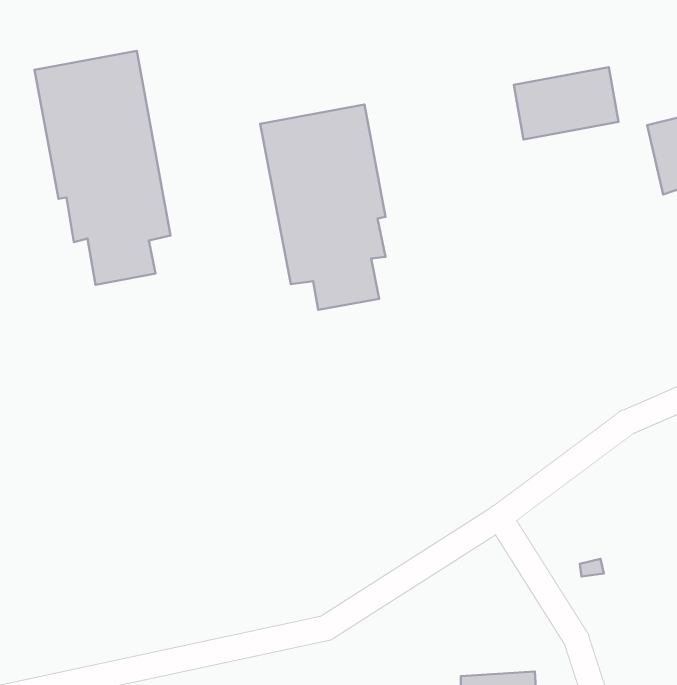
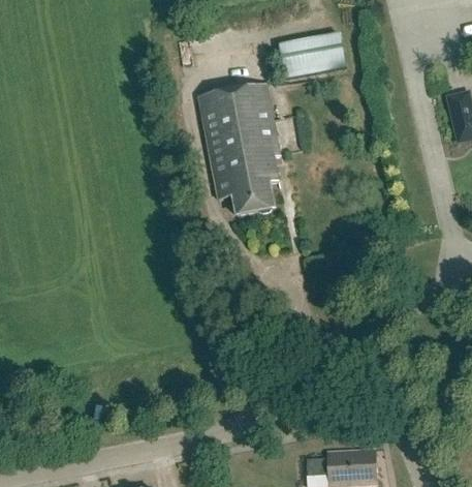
building: [34,51,170,285] -> none
building: [514,67,618,139] -> [279,32,346,79]

